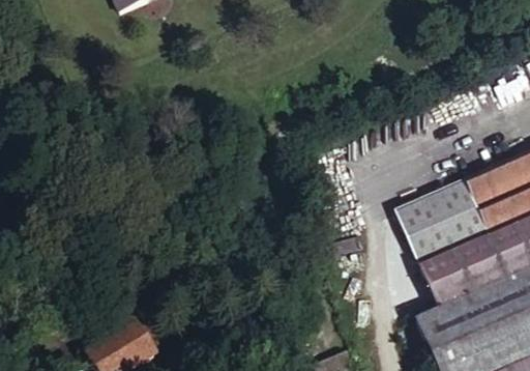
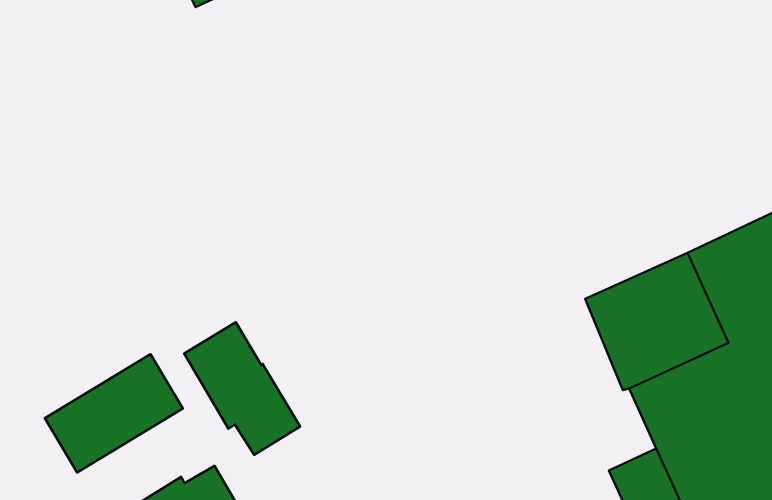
building: none -> [184,322,300,455]
building: none -> [45,354,183,473]

